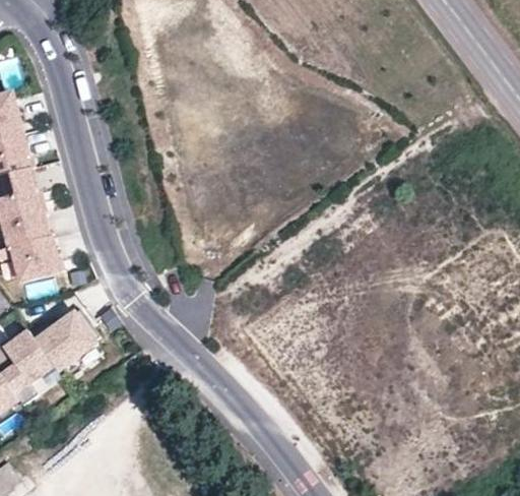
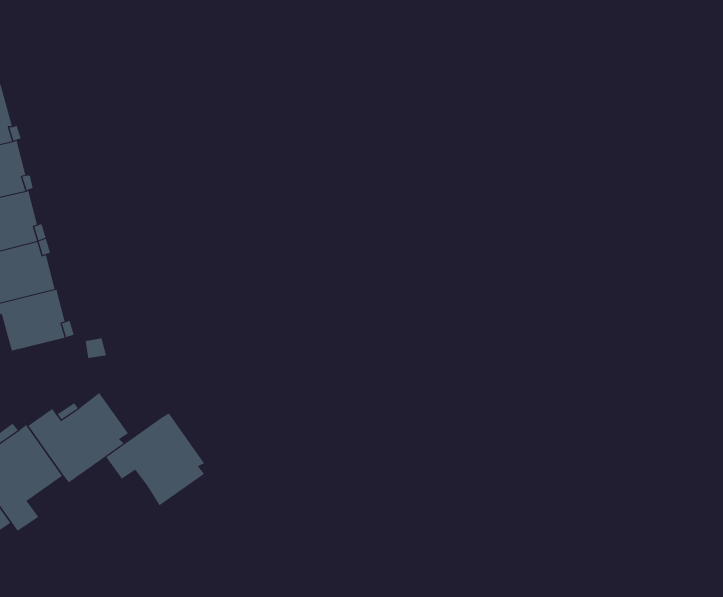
building: none -> [106,412,205,506]

